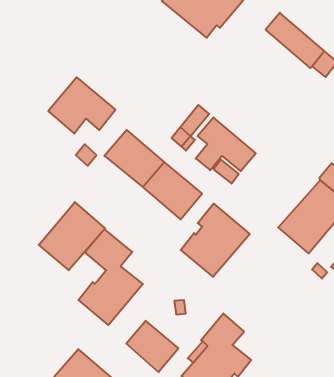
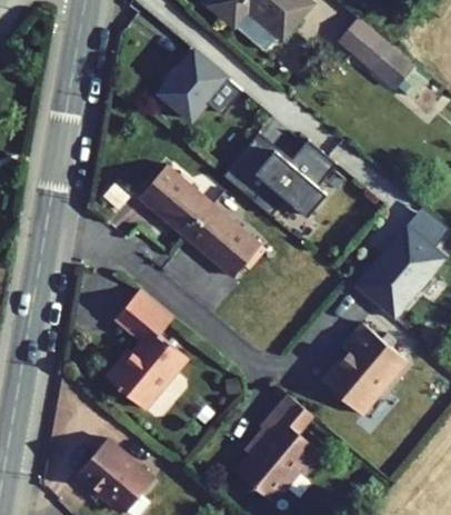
building: [48,77,115,134] -> [159,51,242,121]
building: [39,202,105,270] -> none
building: [181,204,250,277] -> [321,323,407,414]
building: [126,321,178,372] -> none

